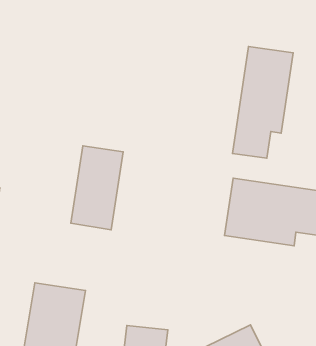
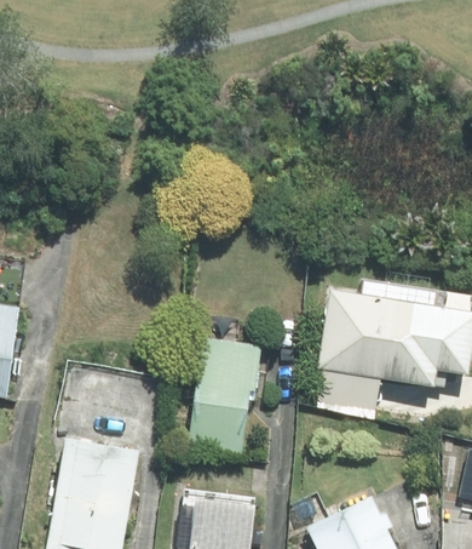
building: [232,46,293,158] -> none
building: [71,146,123,230] -> [185,337,259,456]

